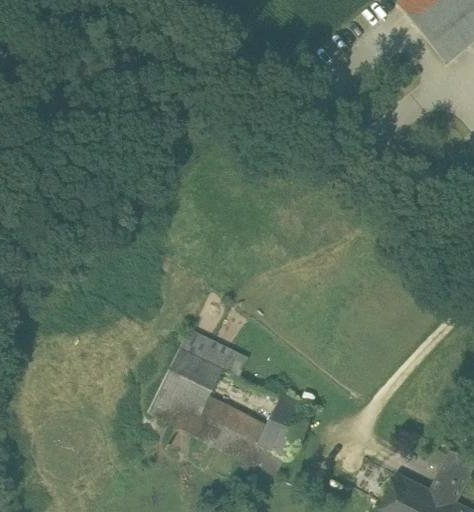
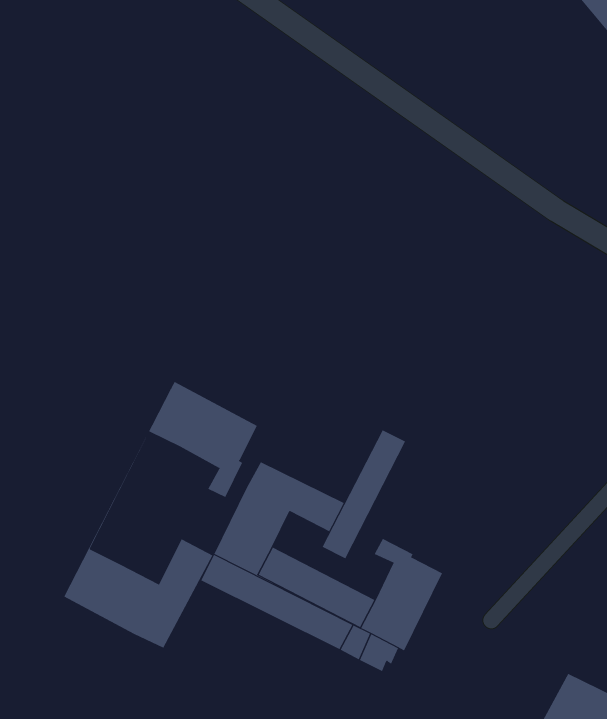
building: none -> [64,381,257,648]
building: none -> [322,429,406,559]

